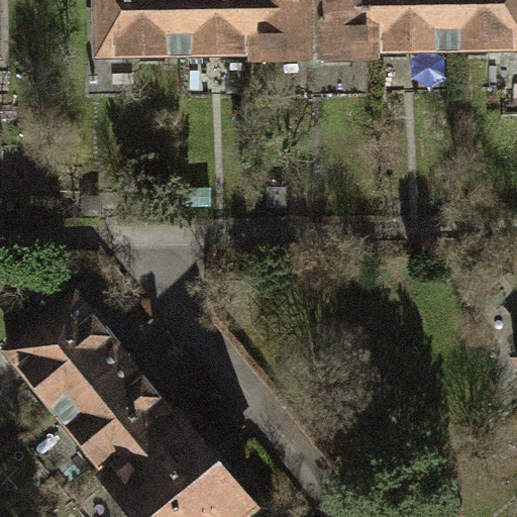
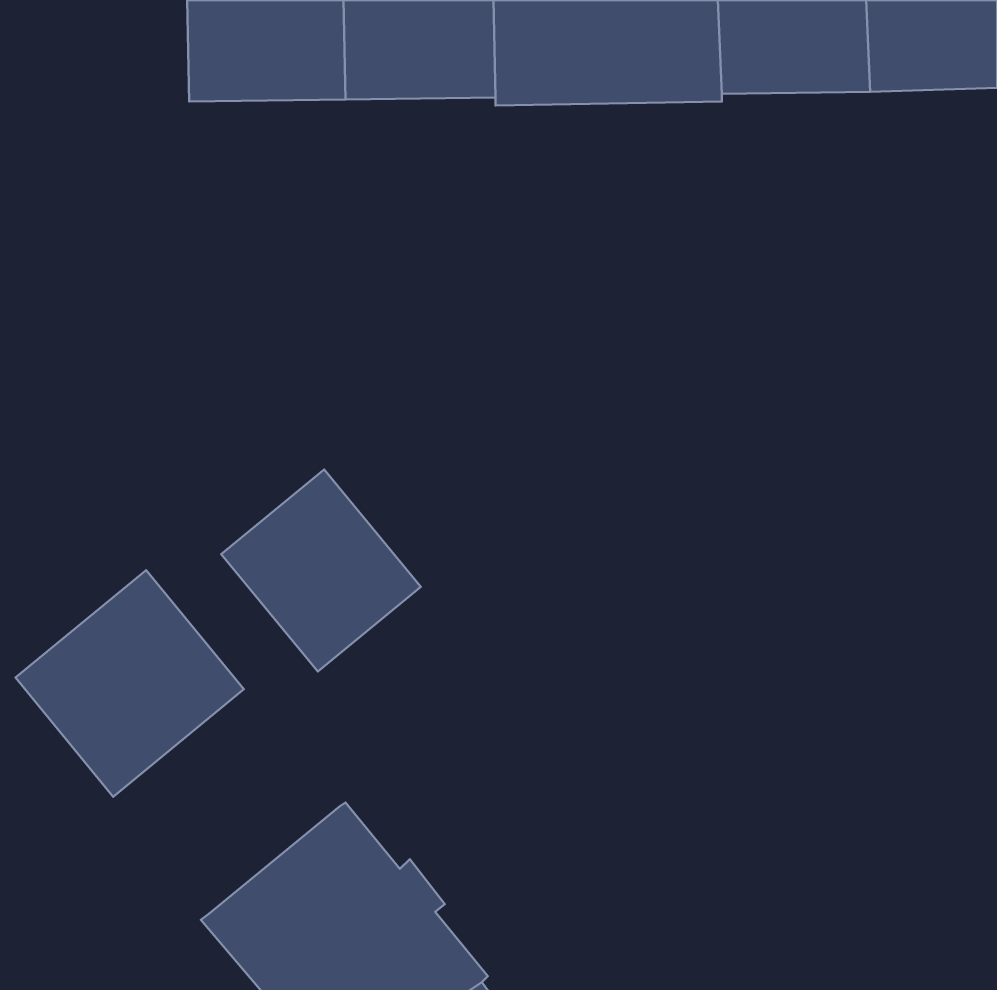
building: none -> [221,469,421,672]
building: [59,360,176,477] -> none

